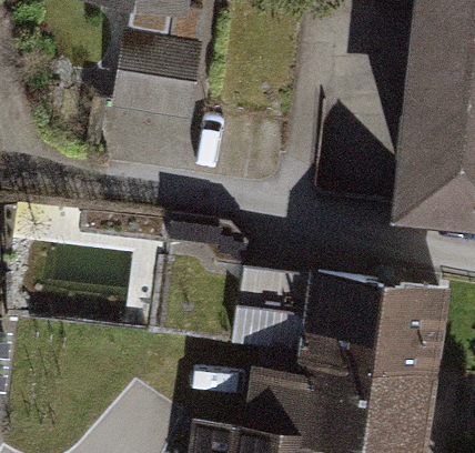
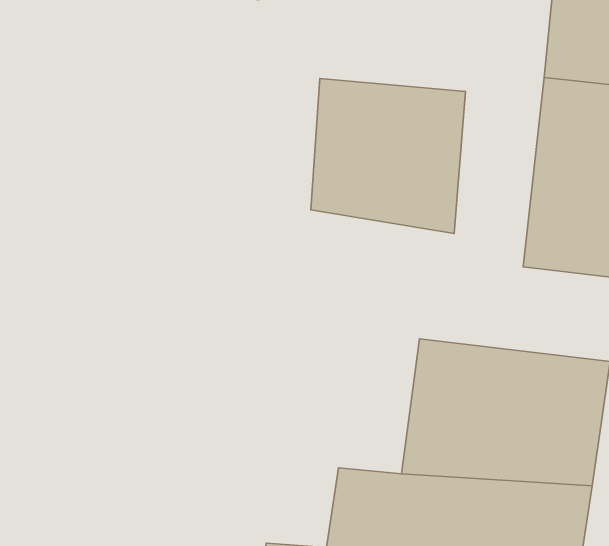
building: [114,54,195,135] -> none
building: none -> [311,78,465,234]

